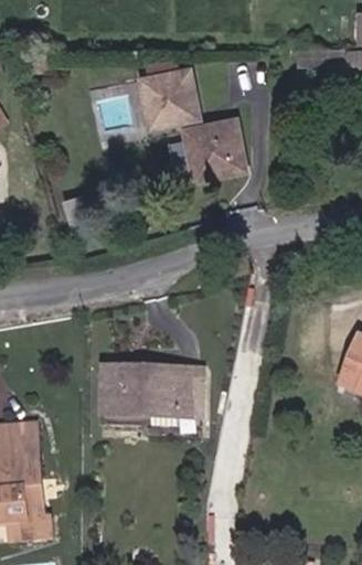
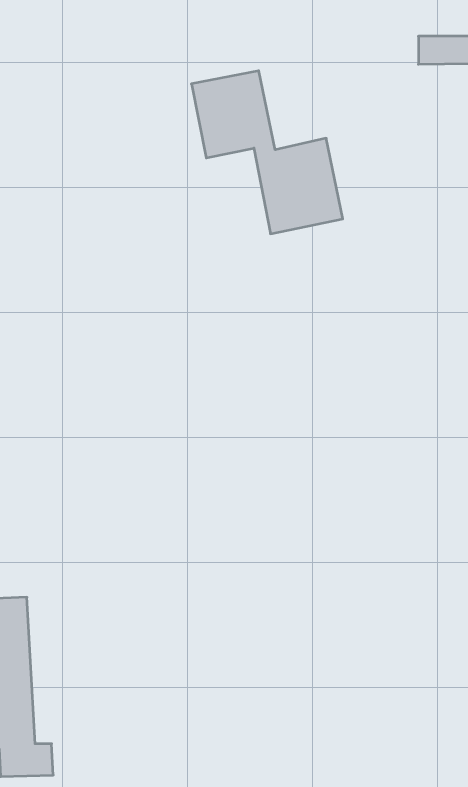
building: [116,367,205,418] -> none

